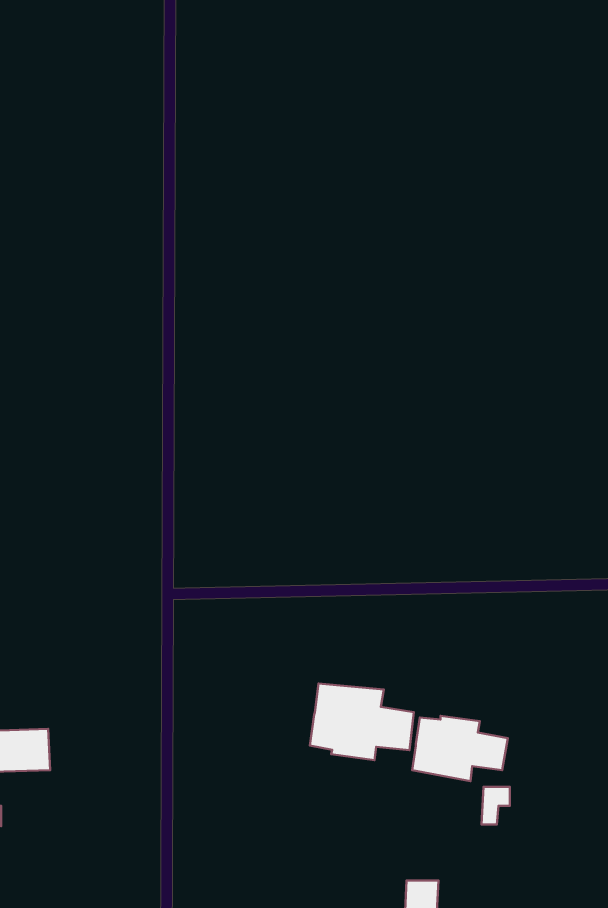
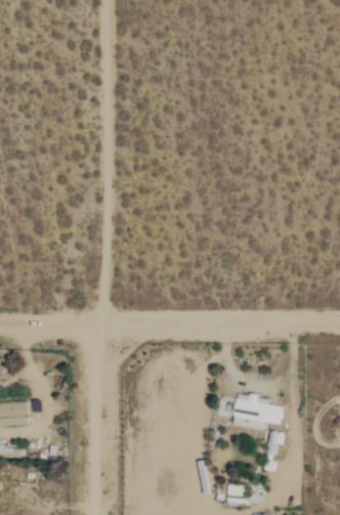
building: [310,684,414,760] -> none

